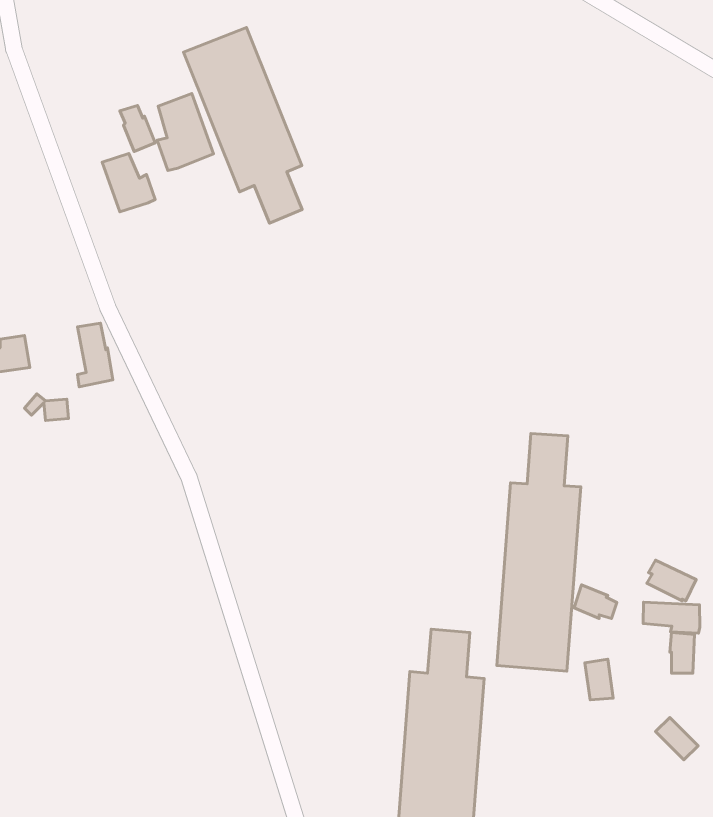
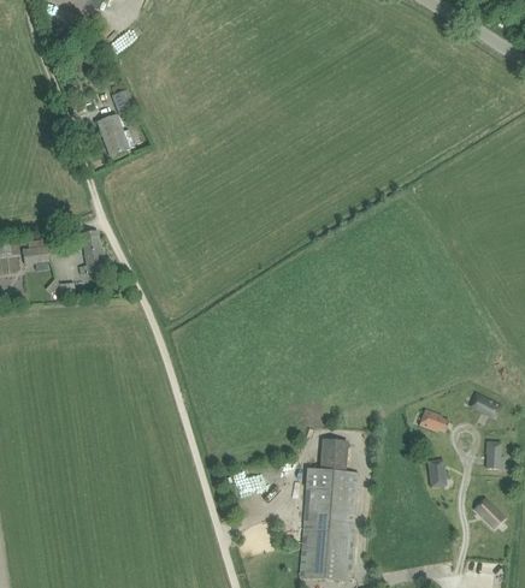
building: [184,28,302,223] -> none
building: [157,93,213,170] -> none
building: [497,434,581,671] -> none
building: [643,602,700,633] -> none

